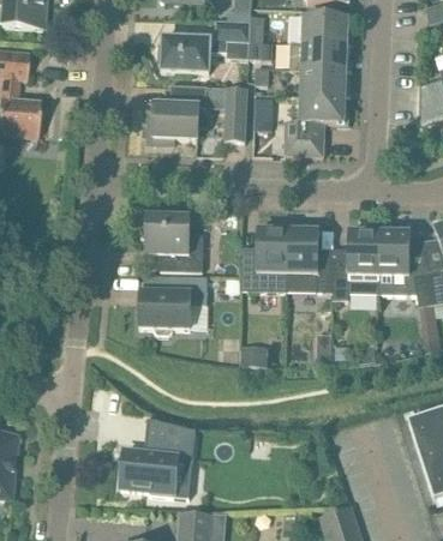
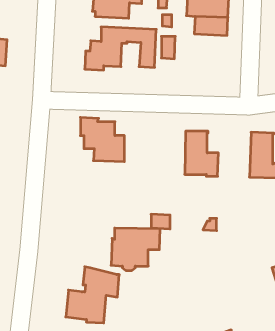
building: [285,94,346,155] -> none
building: [241,228,288,290] -> none
building: [333,230,379,299] -> none
building: [139,275,208,333] -> [111,228,160,270]

